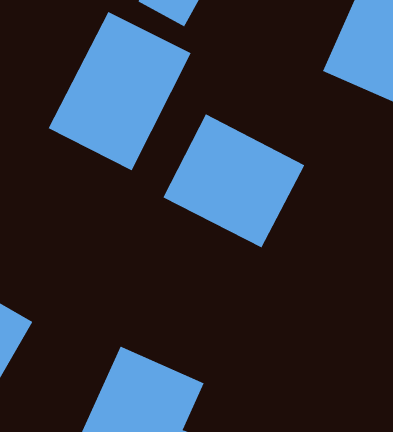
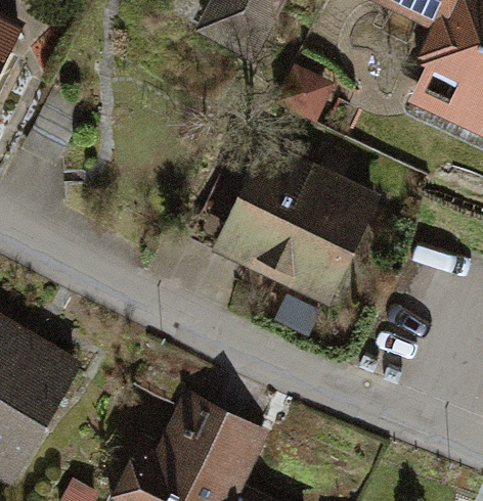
building: [48,11,191,171] -> none

